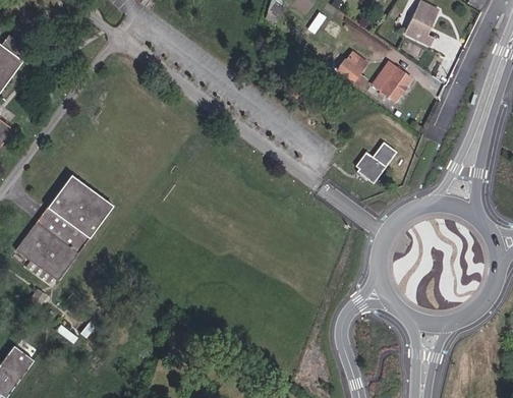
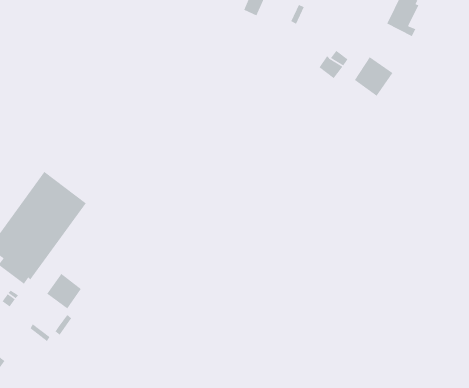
building: [356,138,396,183] -> none
building: none -> [46,273,82,310]

